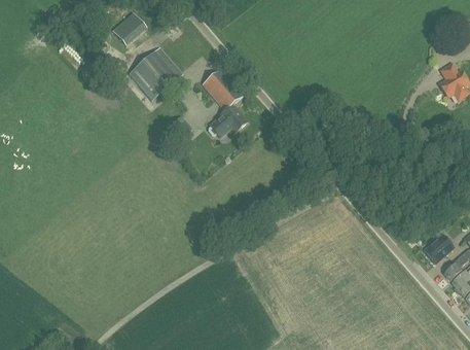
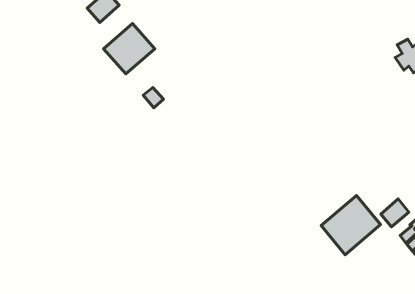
building: [204,69,248,137] -> none
building: none -> [321,195,381,255]

